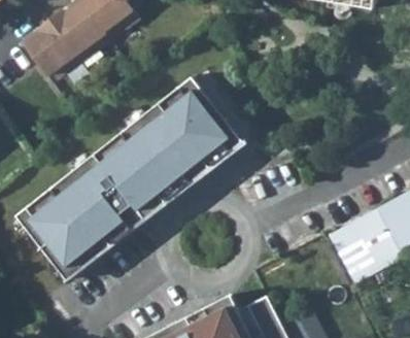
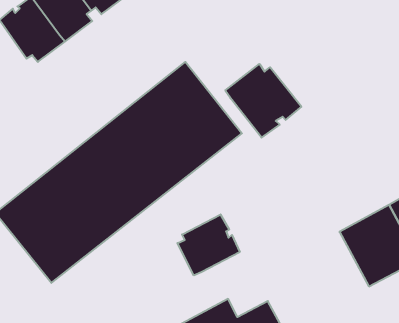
building: none -> [225,64,301,138]
building: none -> [177,214,240,275]

